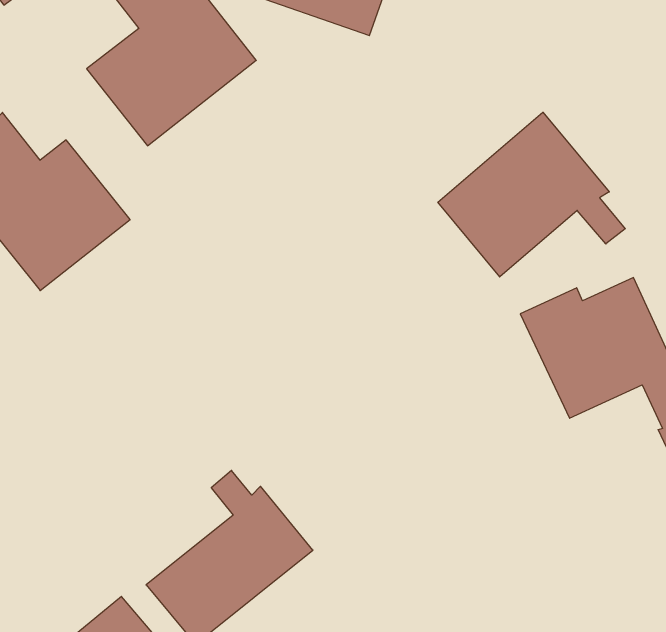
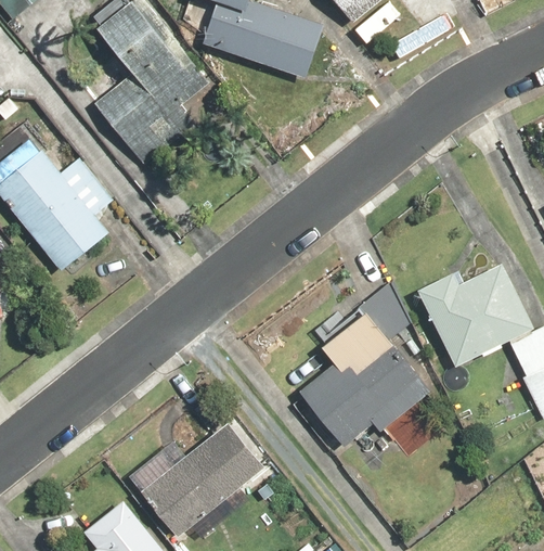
building: [438,112,625,277] -> none
building: none -> [299,284,432,456]

